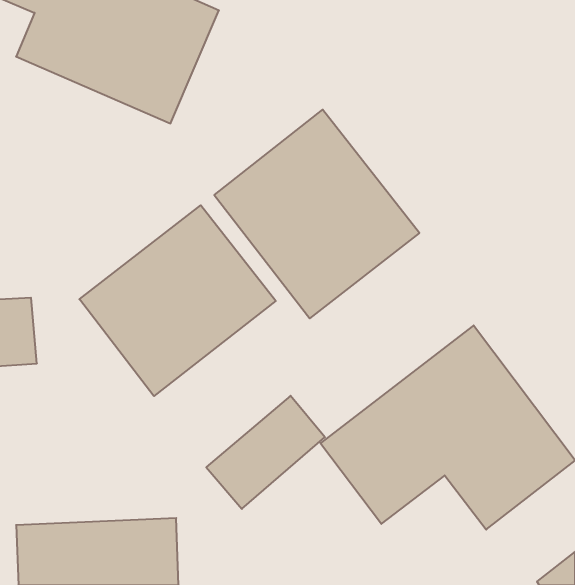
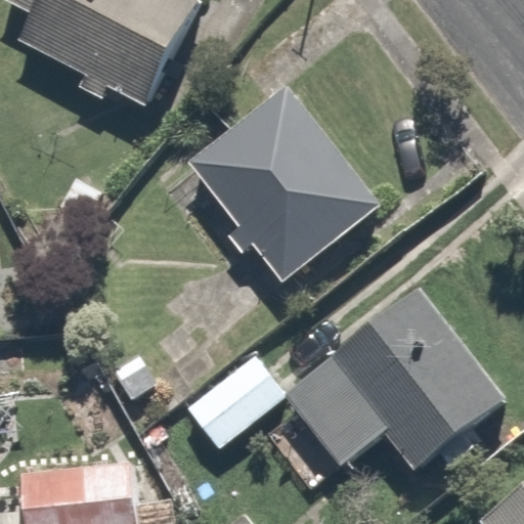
building: [79,205,276,396] -> none

